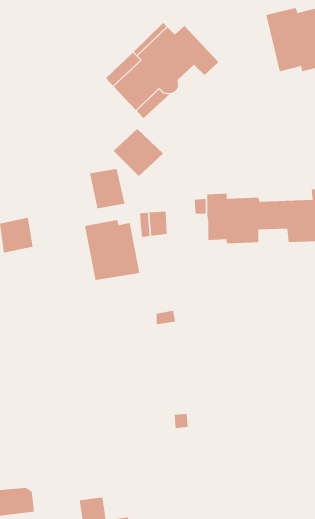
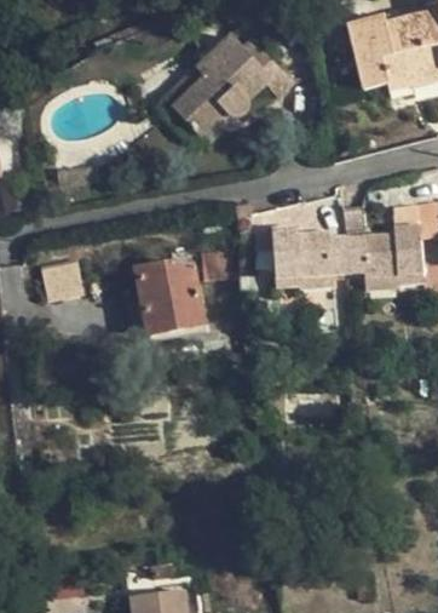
building: [113,128,164,177] -> none
building: [90,168,125,209] -> none

